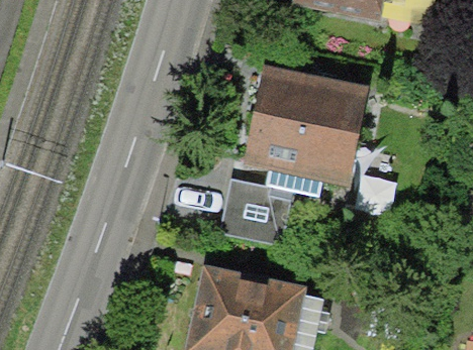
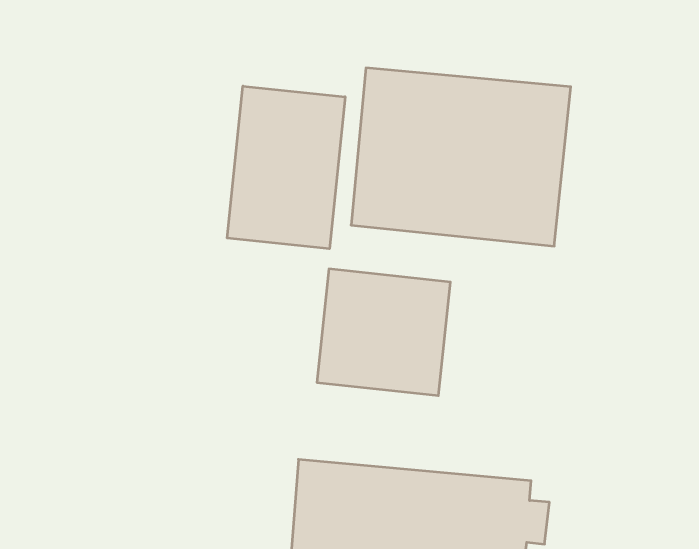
building: none -> [227,86,345,249]

